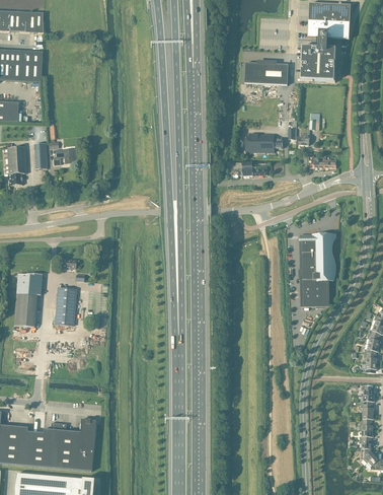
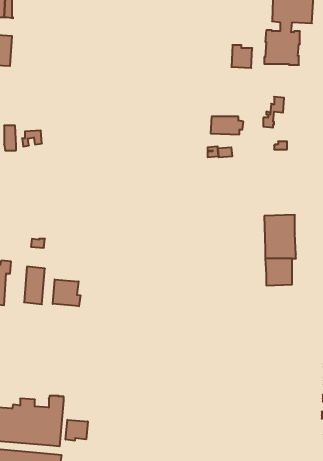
building: [244,61,267,83] -> none
building: none -> [53,279,80,306]
building: none -> [66,420,88,441]

